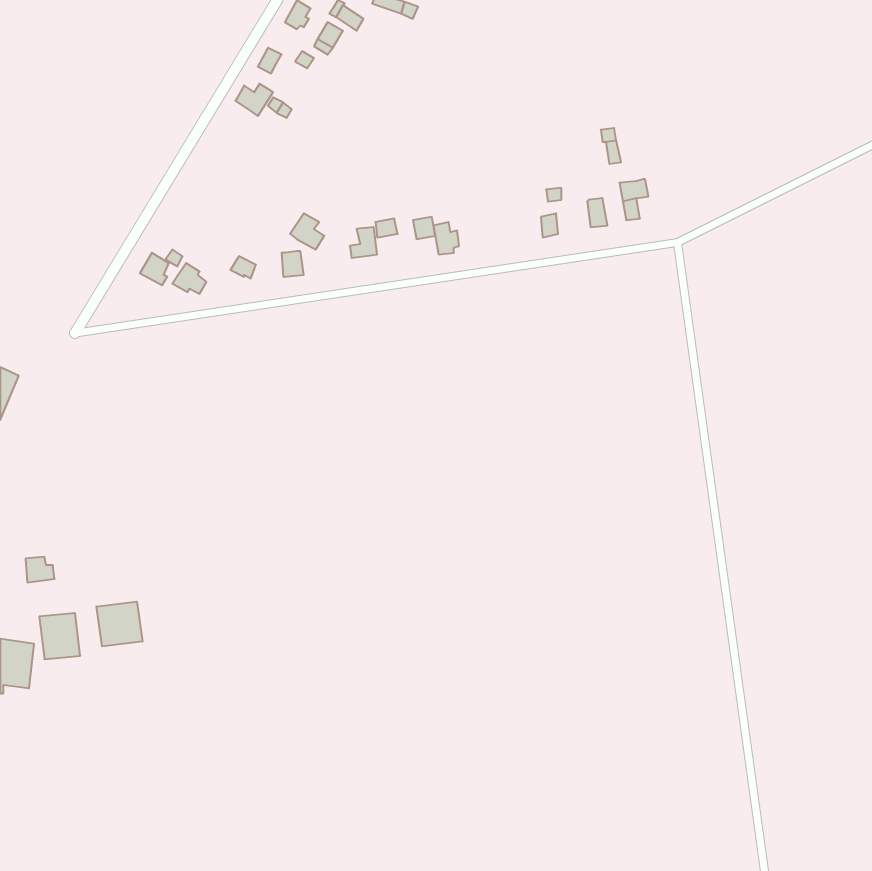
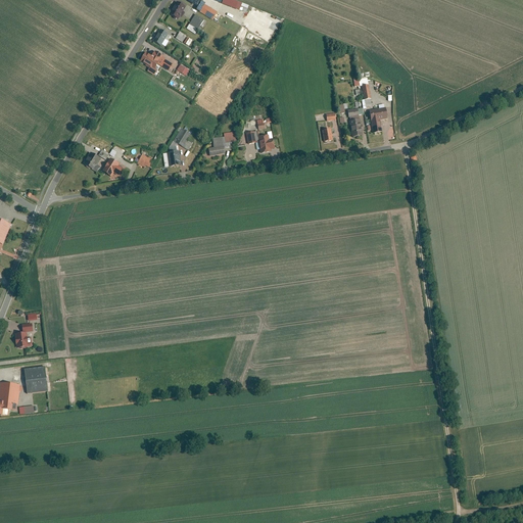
building: [96,602,142,646] -> none

